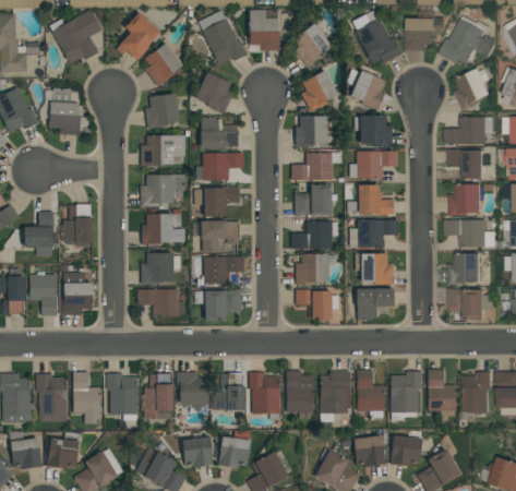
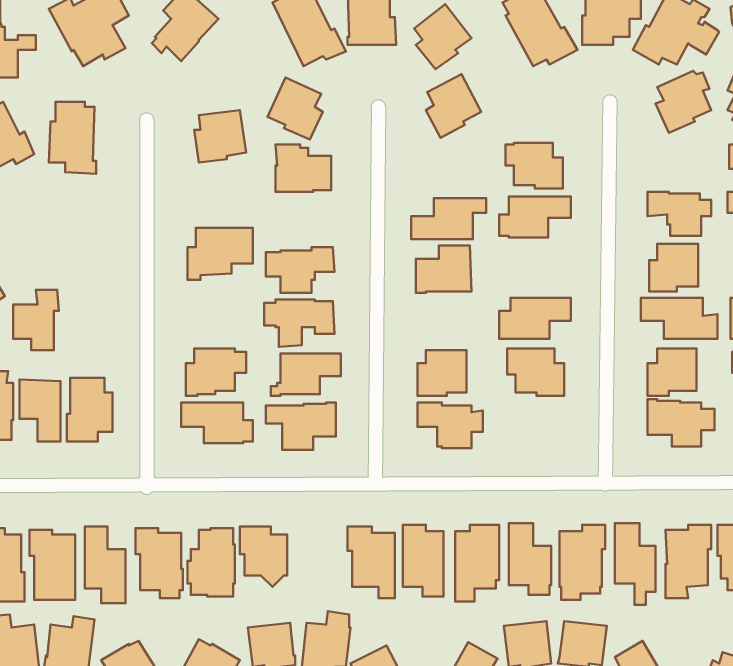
building: [145,44,183,86] -> none
building: [346,69,386,111] -> none
building: [296,116,327,147] -> none
building: [446,116,494,144] -> none
building: [142,135,187,167] -> none
building: [196,153,244,180] -> none
building: [347,184,394,215] -> none
building: [61,201,92,240] -> none
building: [141,212,185,244] -> none
building: [291,221,338,249] -> none
building: [357,288,393,320] -> none
building: [213,373,244,410] -> none

